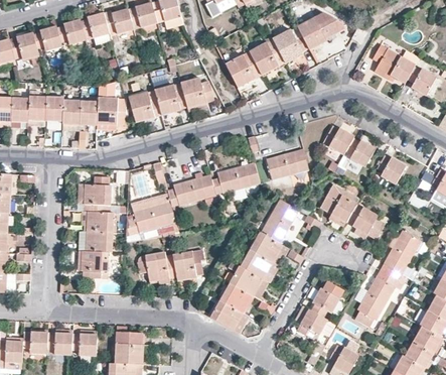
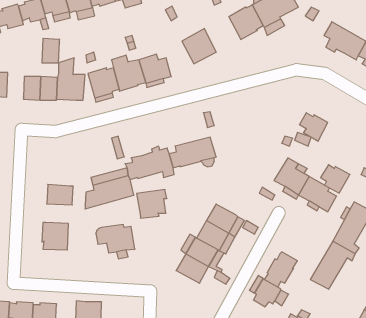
building: [249,38,286,75] -> none
building: [45,96,63,121] -> [42,38,60,63]
building: [323,125,354,154] -> none
building: [267,148,309,179] -> none
building: [377,154,407,183] -> [321,165,350,193]
building: [85,176,112,213] -> none
building: [262,199,300,242] -> none
building: [86,231,113,251] -> none
building: [173,250,204,279] -> [137,190,167,218]
building: [210,299,249,333] -> none

